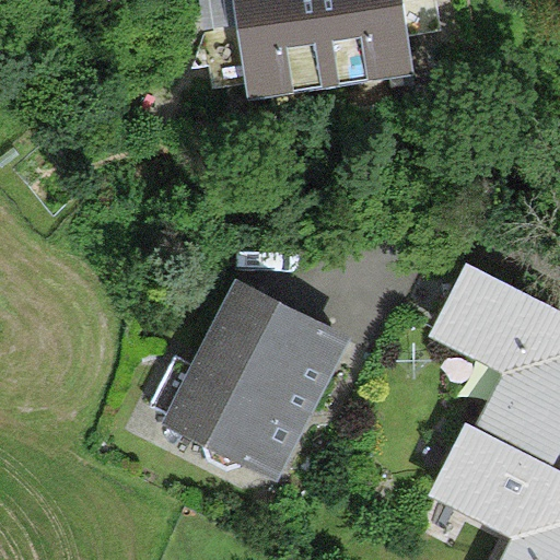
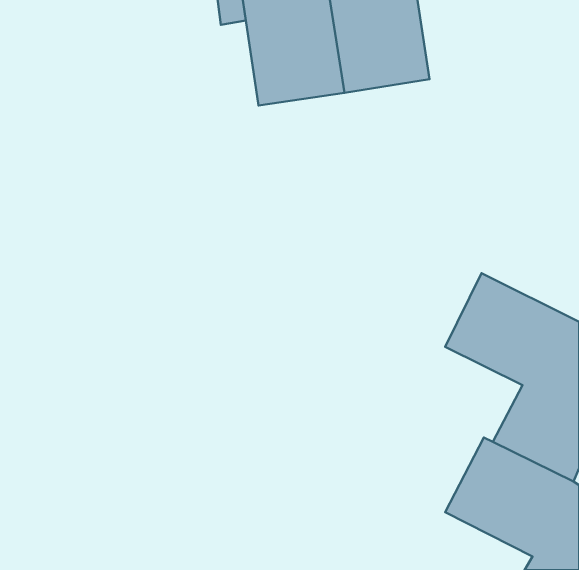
building: [162,280,351,481] -> none

